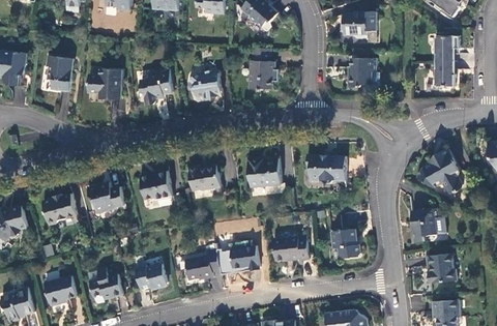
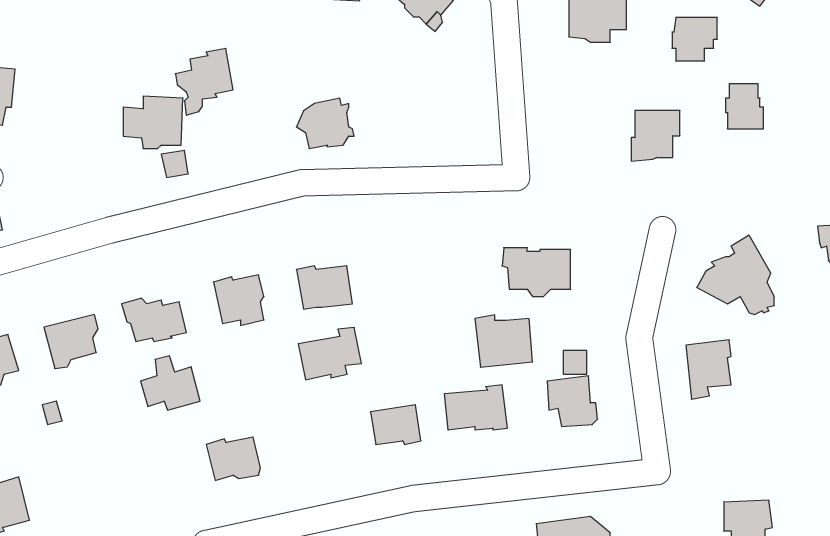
building: [434,36,460,61] -> [672,18,717,61]
building: [248,48,277,89] -> none
building: [47,56,74,91] -> none
building: [349,58,377,87] -> [631,111,680,161]
building: [140,67,173,106] -> [175,48,233,115]
building: [247,156,281,186] -> [475,315,533,367]
building: [184,249,221,279] -> [298,327,361,380]
building: [428,254,454,284] -> none
building: [89,267,123,298] -> [141,356,200,410]
building: [43,275,77,305] -> none

